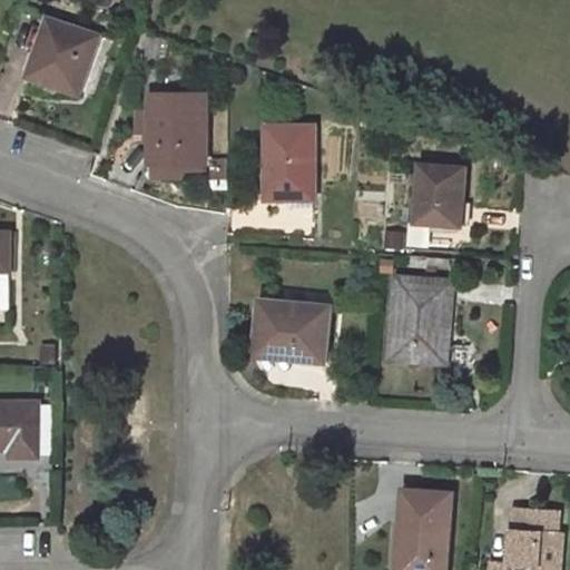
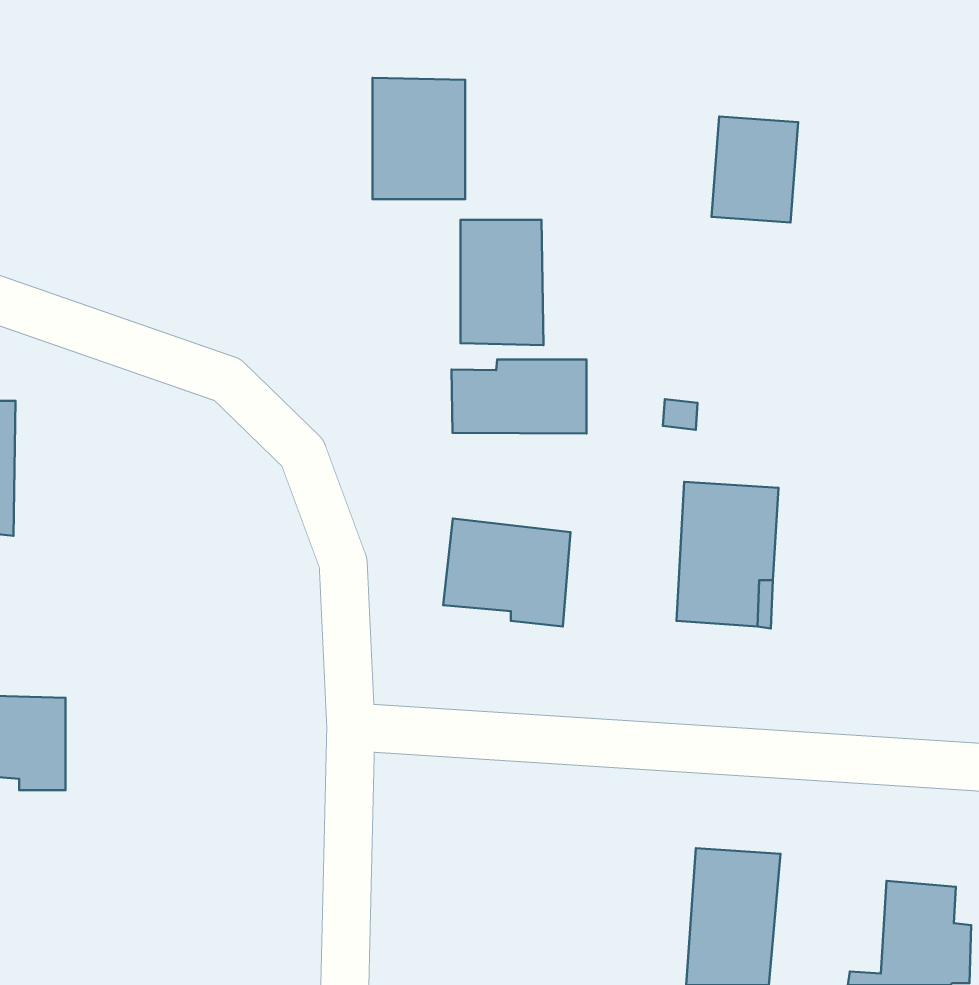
building: [27,18,99,96] -> none
building: [150,94,204,164] -> [373,78,465,199]
building: [415,165,465,226] -> [711,117,798,223]
building: none -> [452,359,586,433]

